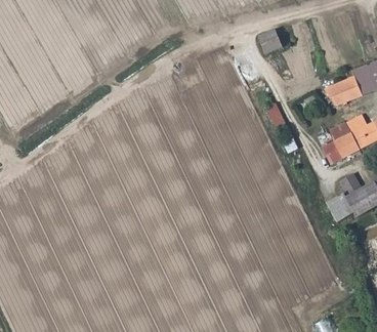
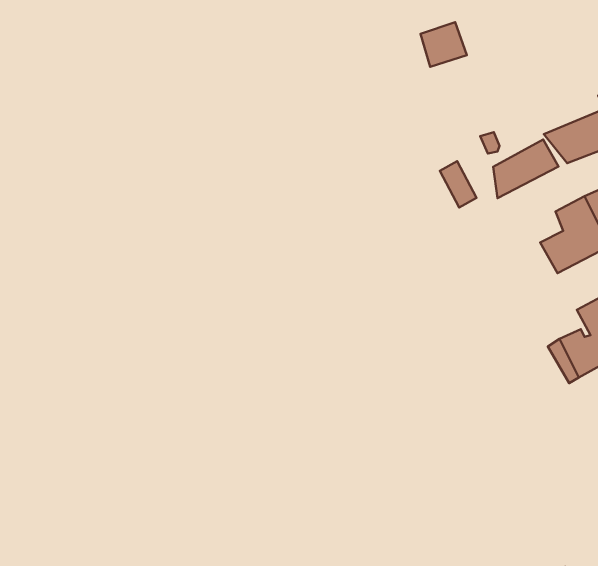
building: none -> [493,139,558,198]

